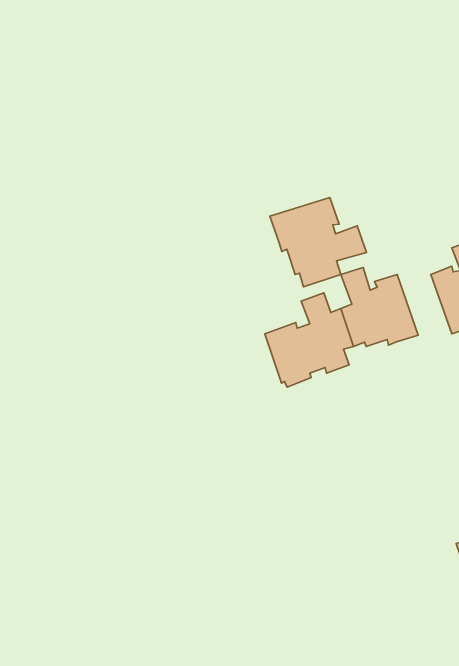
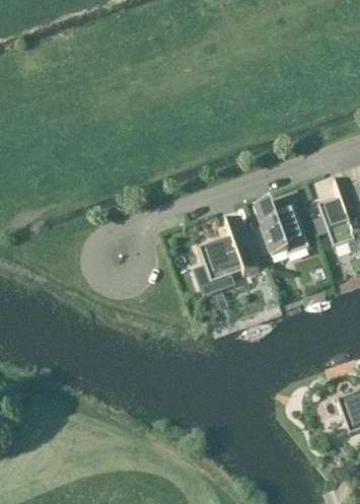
building: [270,197,366,287] -> none

